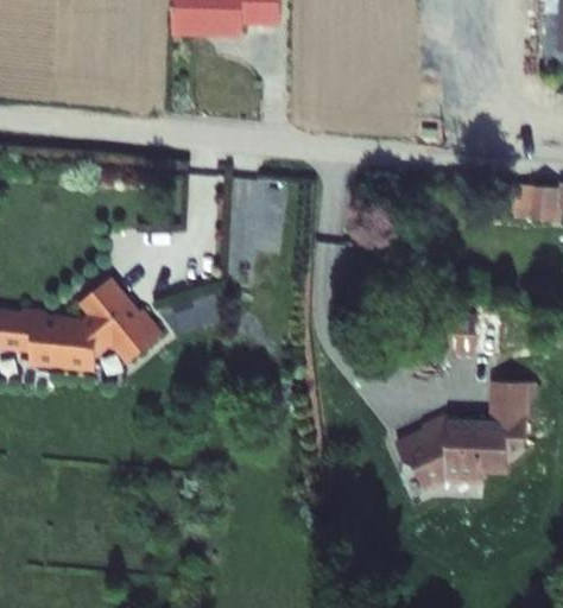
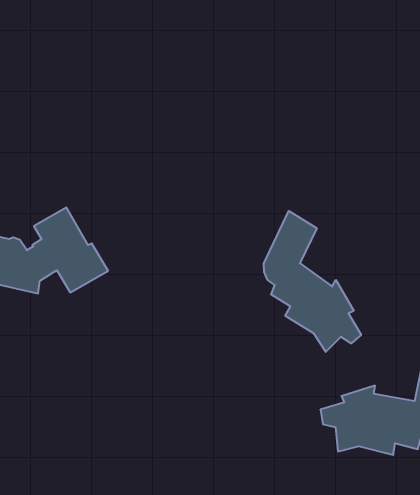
building: none -> [264,211,361,352]

